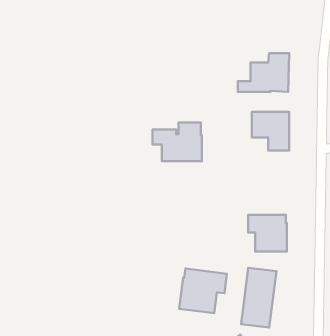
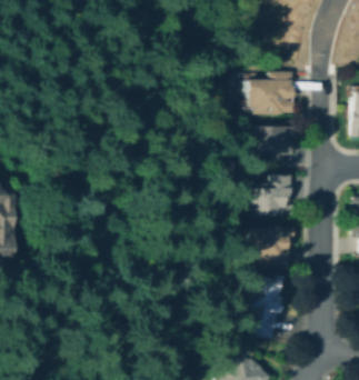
building: [153,122,202,161] -> [247,176,293,212]
building: [179,269,227,313] -> none

